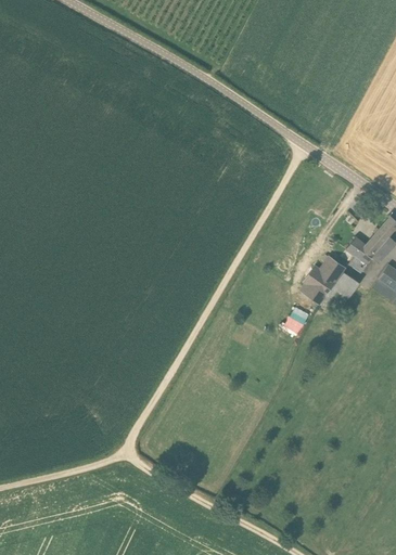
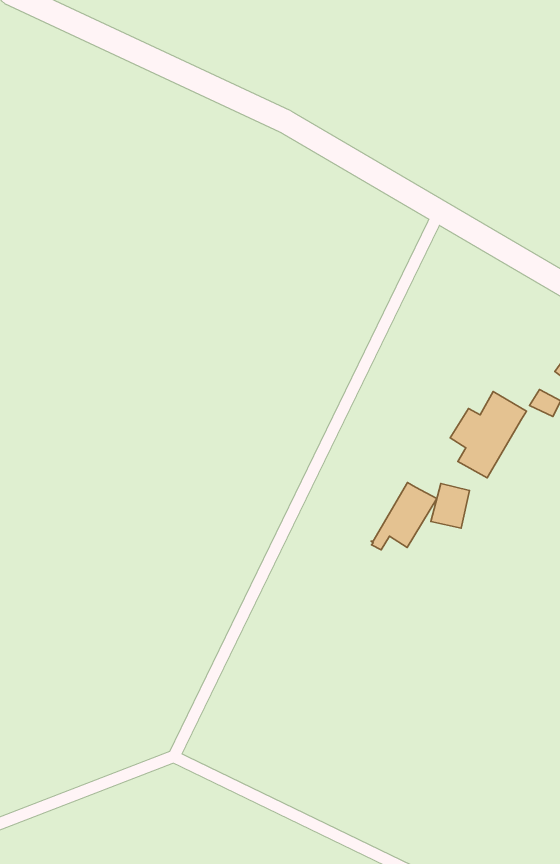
building: [318,272,358,310] -> [371,482,437,550]

